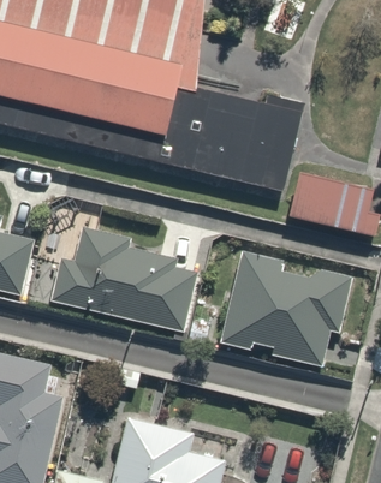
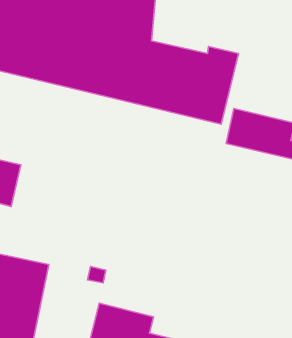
building: [48,228,198,335] -> none
building: [220,250,355,363] -> none

